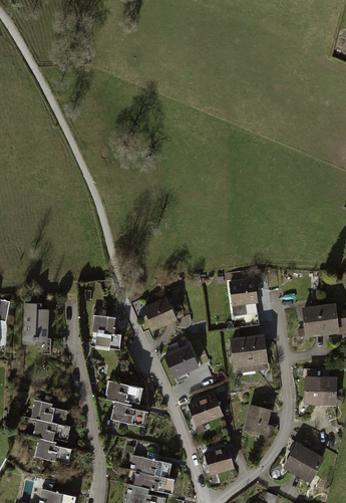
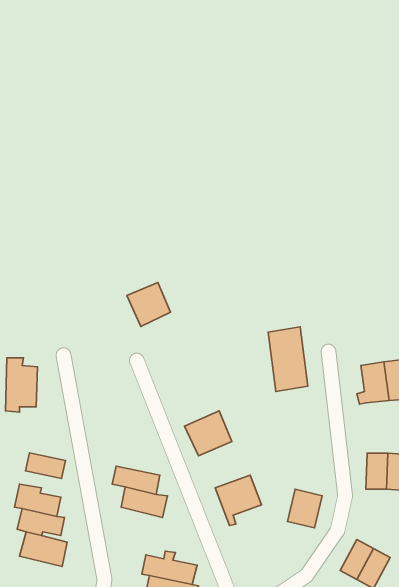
building: [141,297,176,331] -> [127,283,171,326]
building: [93,315,120,349] -> none
building: [229,333,268,372] -> none
building: none -> [25,453,65,479]
building: [203,446,234,476] -> none

